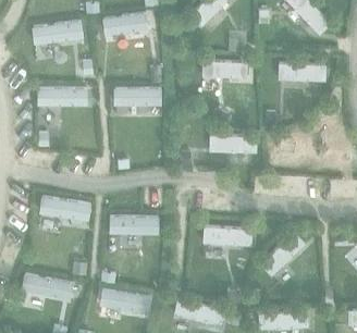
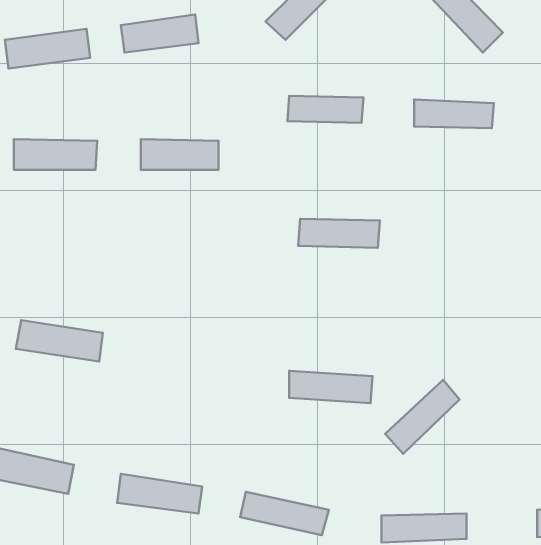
building: [109,217,158,234] -> none

